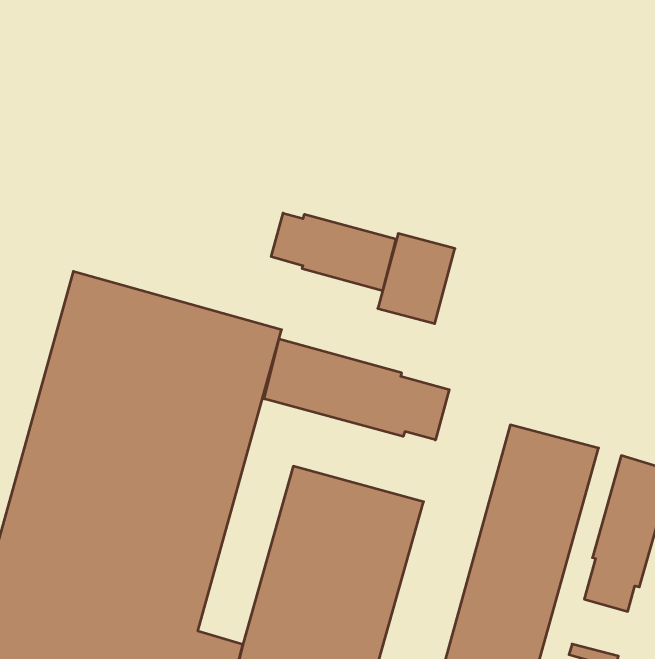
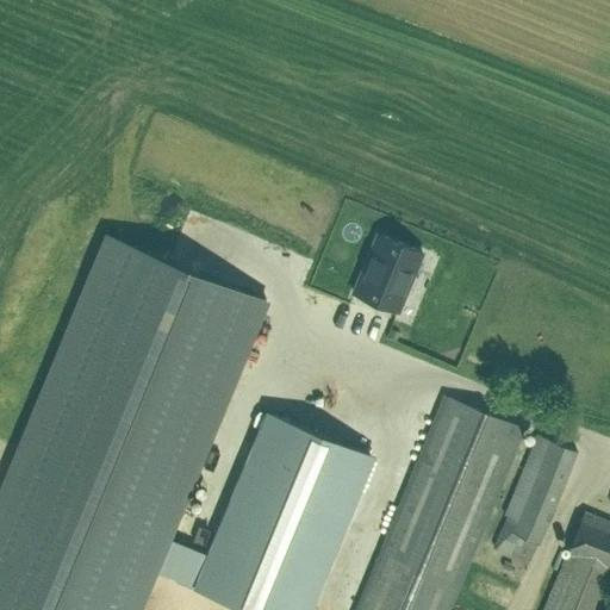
building: [271,213,396,291] -> none
building: [264,339,449,440] -> none

